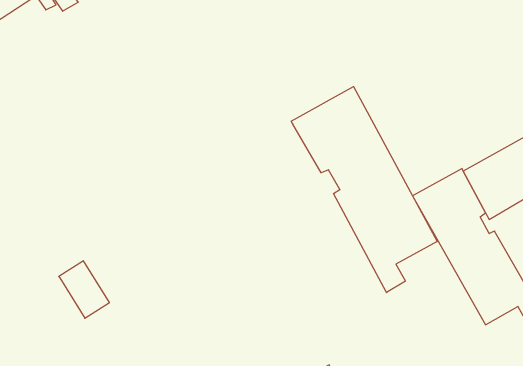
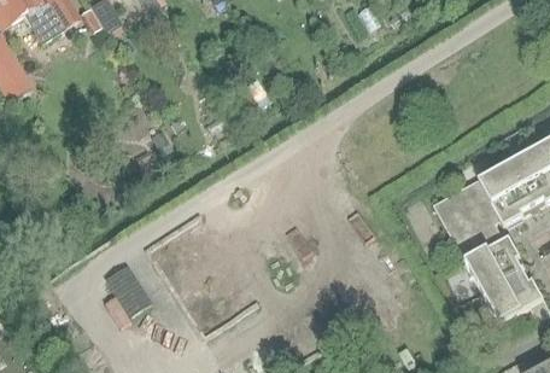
building: [291,87,437,293] -> none

